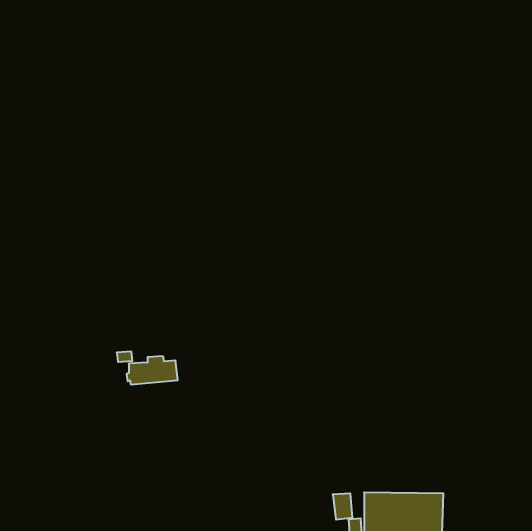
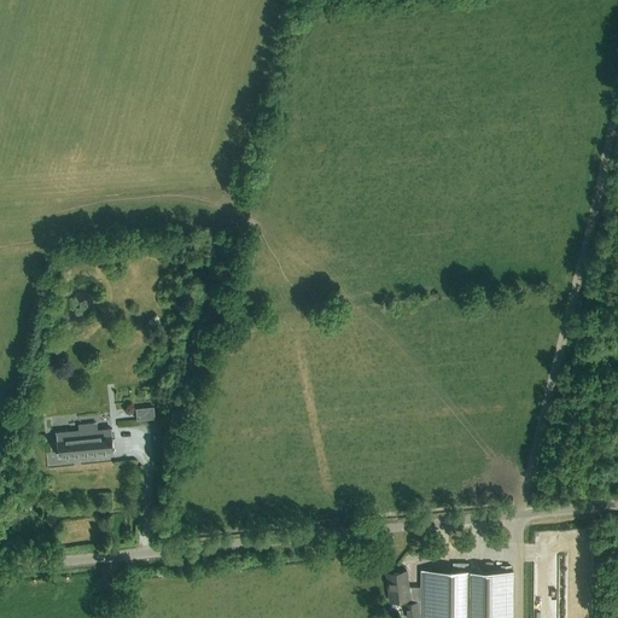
building: [127,356,178,384] -> [53,426,112,459]

